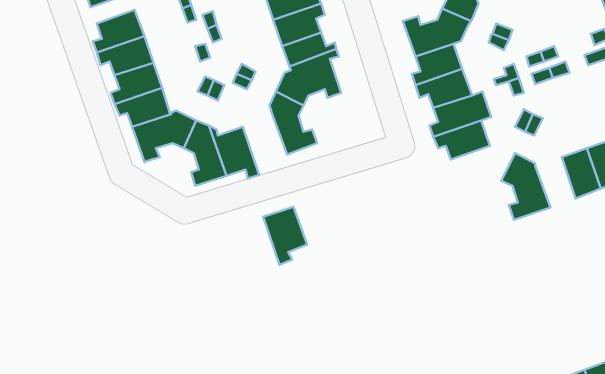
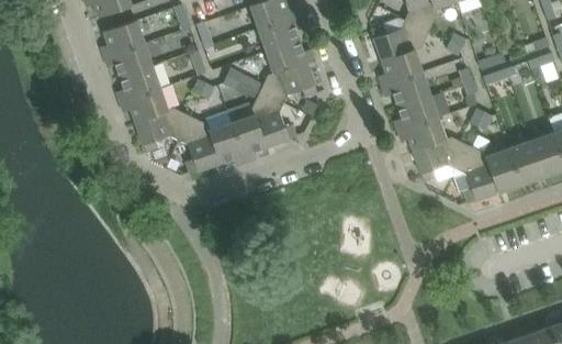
building: none -> [413,137,469,181]
building: none -> [486,148,521,192]
building: [263,207,307,265] -> [232,113,270,164]

